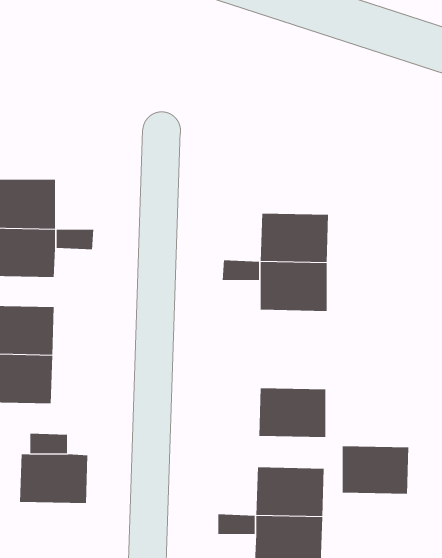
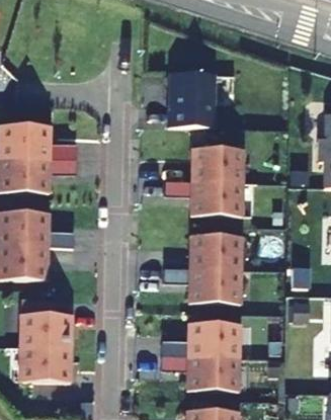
building: none -> [168,72,215,128]
building: [342,446,409,494] -> [190,236,237,269]
building: none -> [23,347,71,382]

